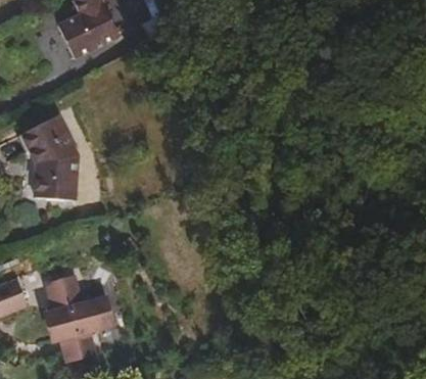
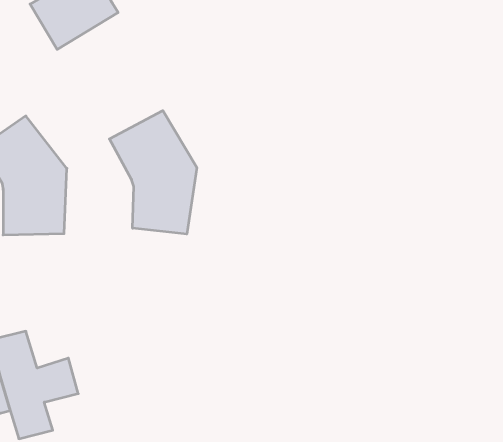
building: none -> [109,111,197,234]

